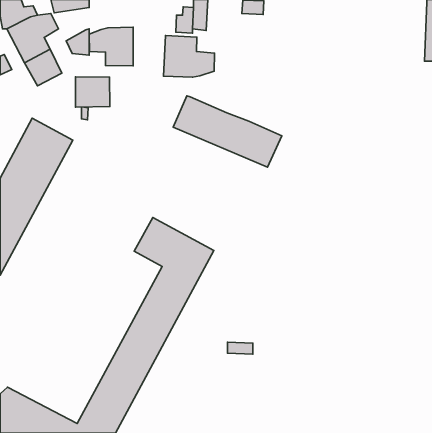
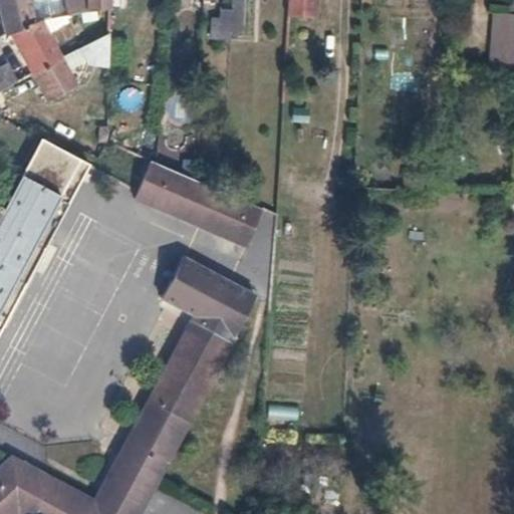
building: [89,27,133,66] -> none
building: [163,36,215,77] -> none
building: [75,77,110,107] -> none
building: [173,96,282,167] -> [134,162,262,246]

